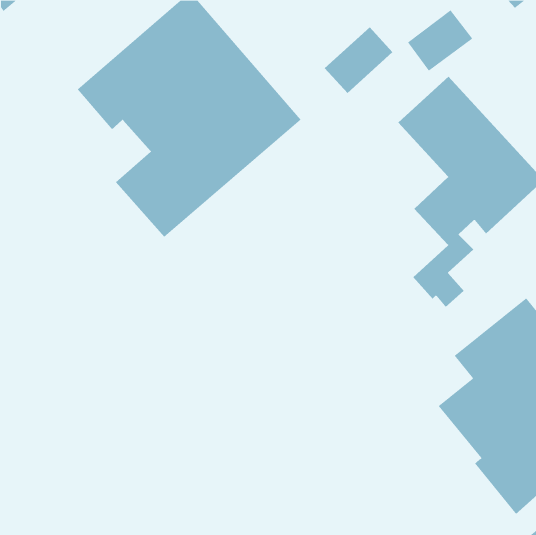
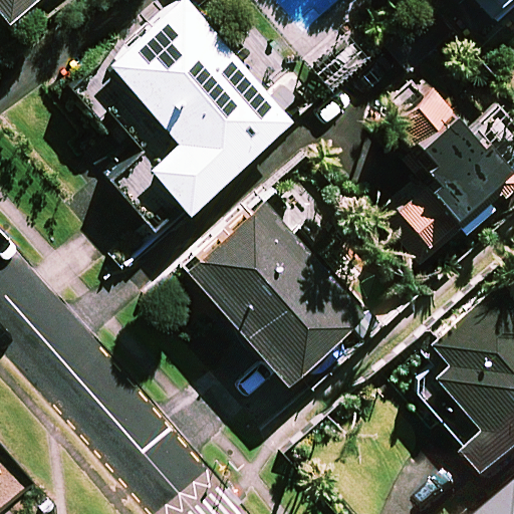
building: none -> [191,202,363,379]

